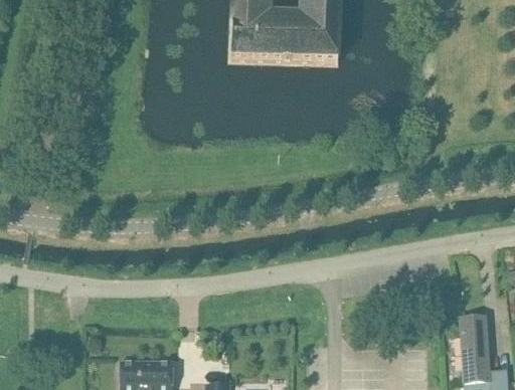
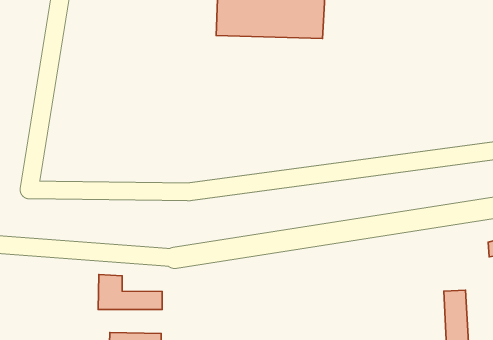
building: none -> [98,275,162,309]

